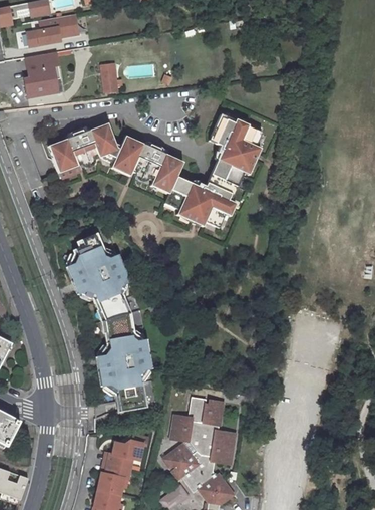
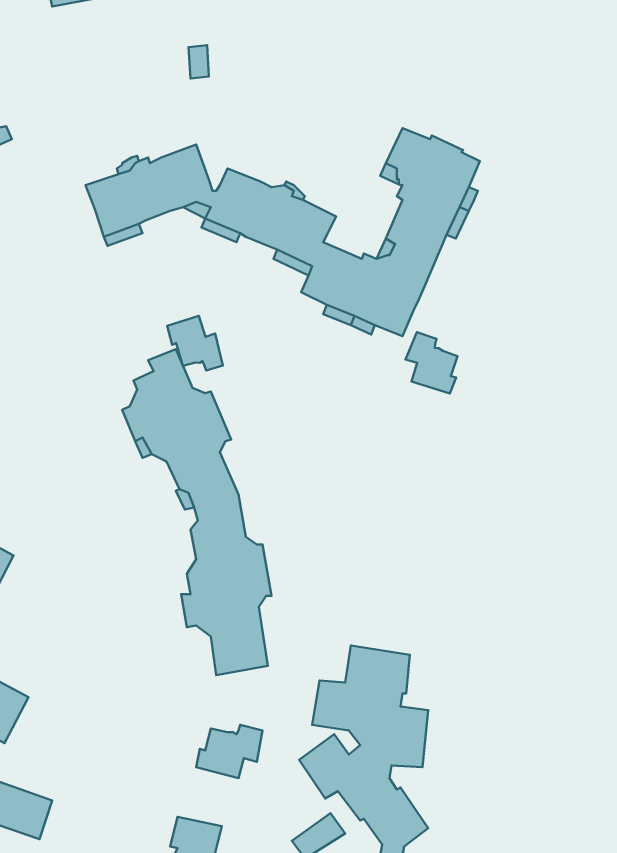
building: [26,50,62,96] -> none
building: none -> [167,316,223,371]
building: none -> [405,332,458,394]
building: [98,461,131,493] -> none

